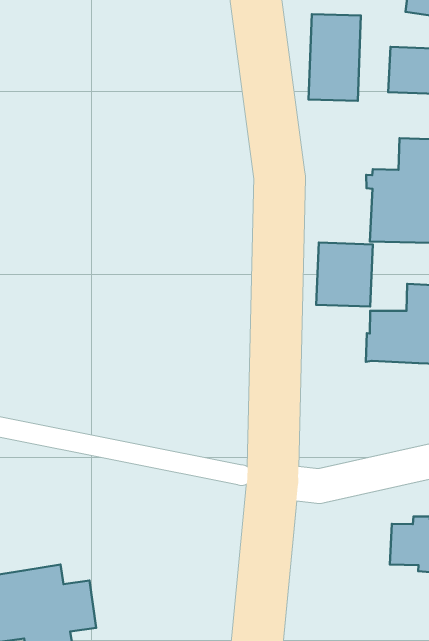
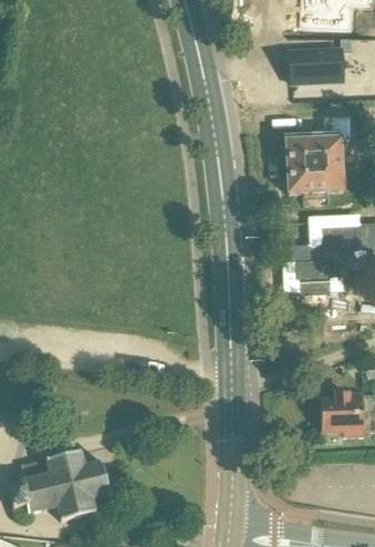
building: [309,14,361,101] -> none
building: [316,243,373,307] -> none

